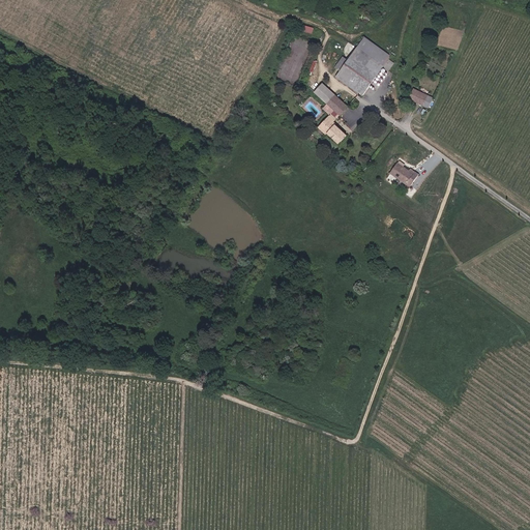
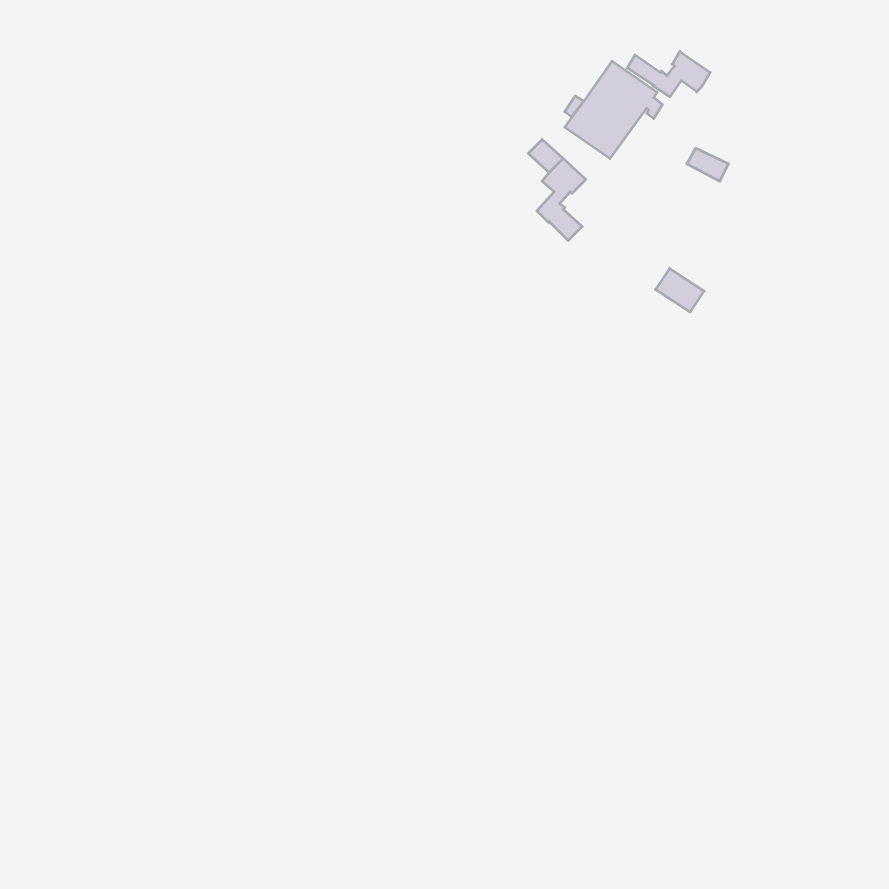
building: none -> [627,51,710,97]

